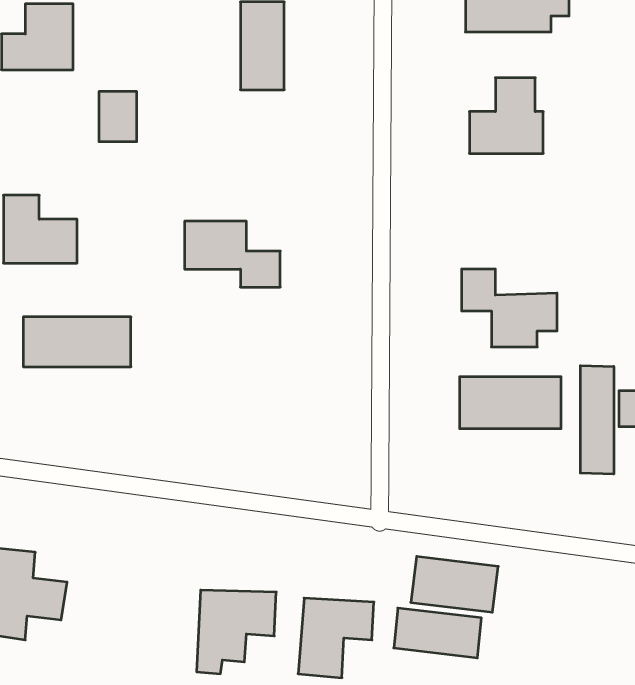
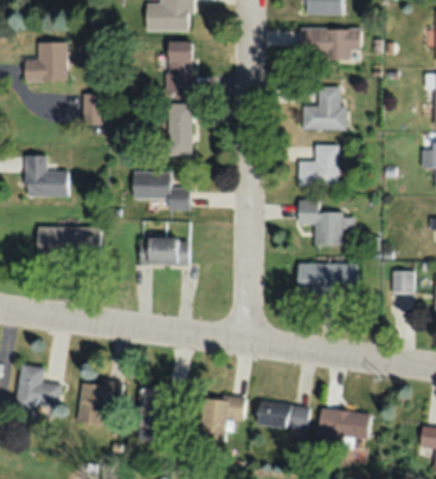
building: none -> [166,103,192,155]
building: none -> [299,143,339,185]
building: none -> [139,238,188,265]
building: [580,366,614,474] -> none
building: [411,556,498,612] -> [319,407,371,440]
building: none -> [78,380,123,425]

